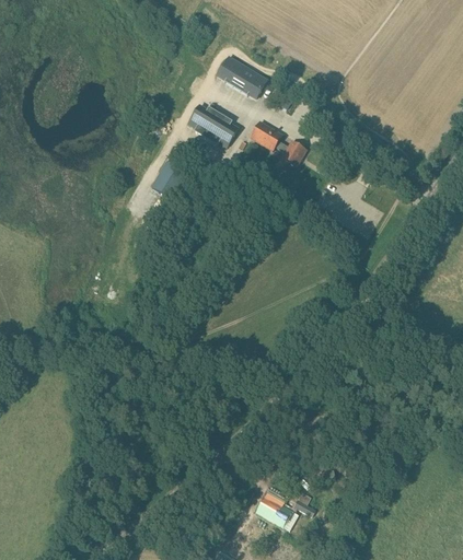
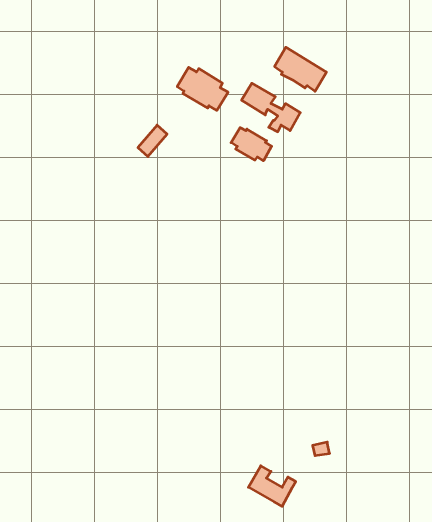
building: [218,55,268,97] -> [275,47,326,91]
building: none -> [231,128,272,161]

